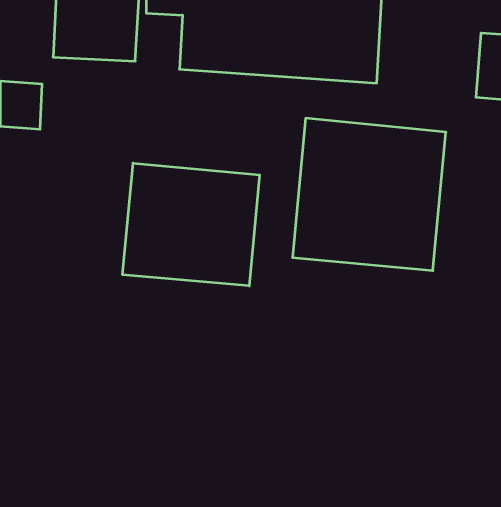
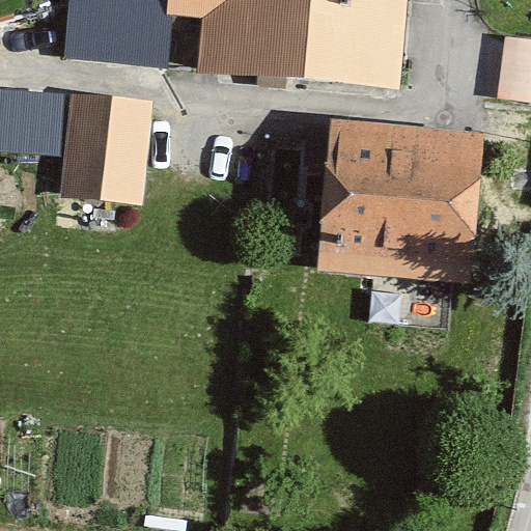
building: none -> [59,93,155,199]
building: [123,163,260,286] -> none

